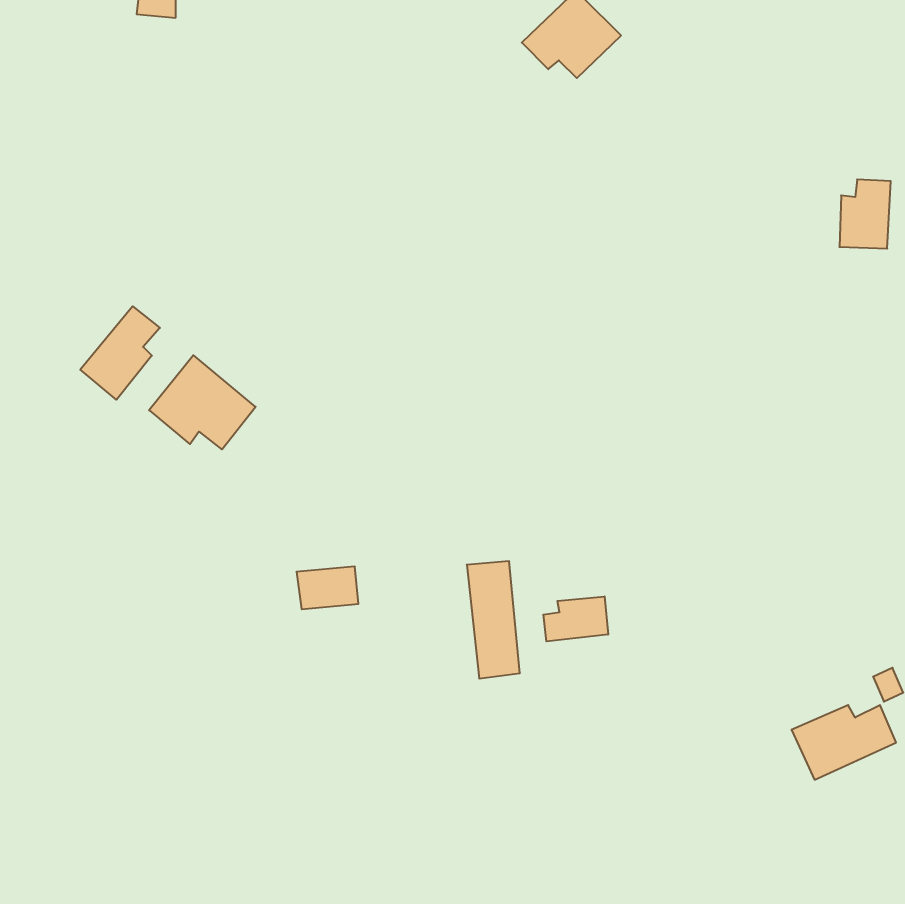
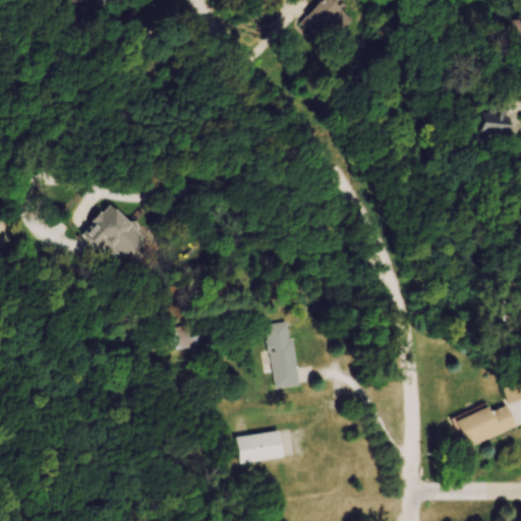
building: [80,306,160,400] -> none
building: [543,596,608,641] -> none
building: none -> [234,432,282,464]

